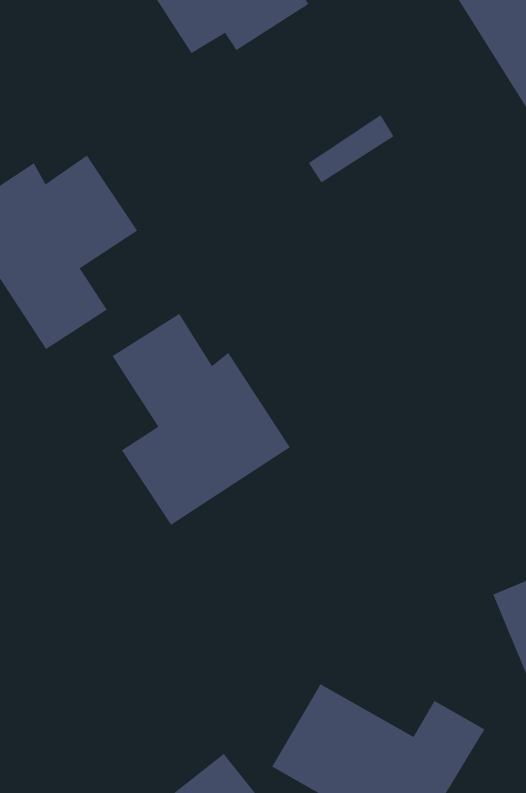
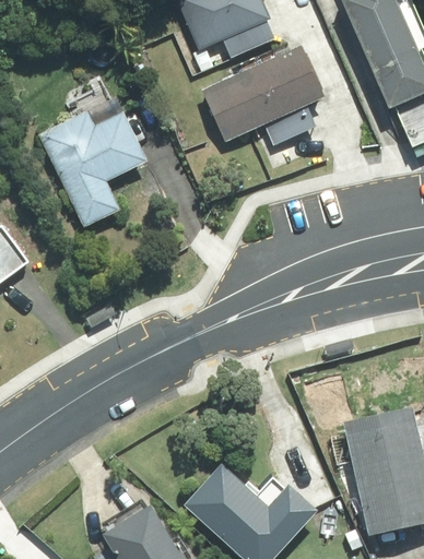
building: none -> [200,43,326,142]
building: [111,313,291,526] -> none

